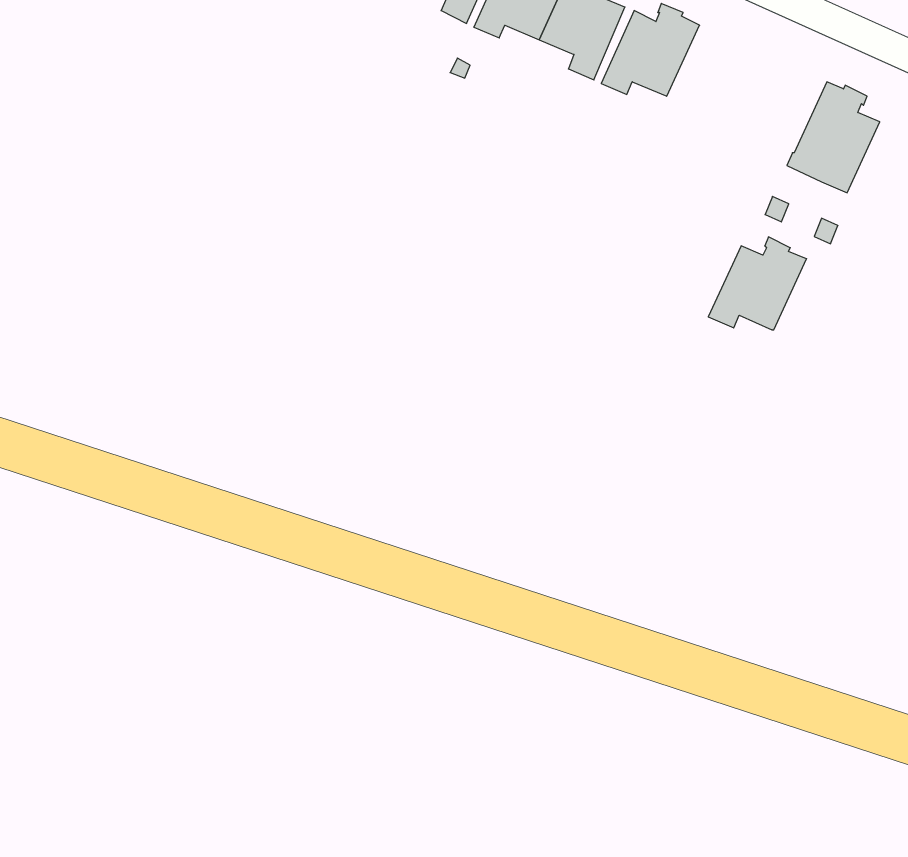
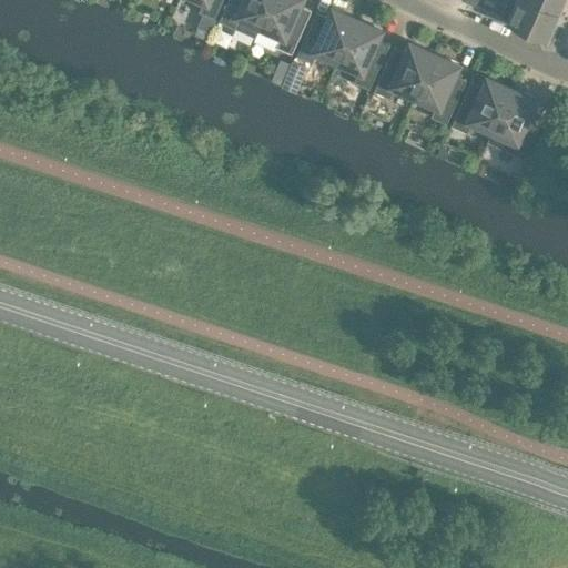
building: none -> [413,54,465,122]
building: [708,237,807,330] -> [450,75,510,132]

